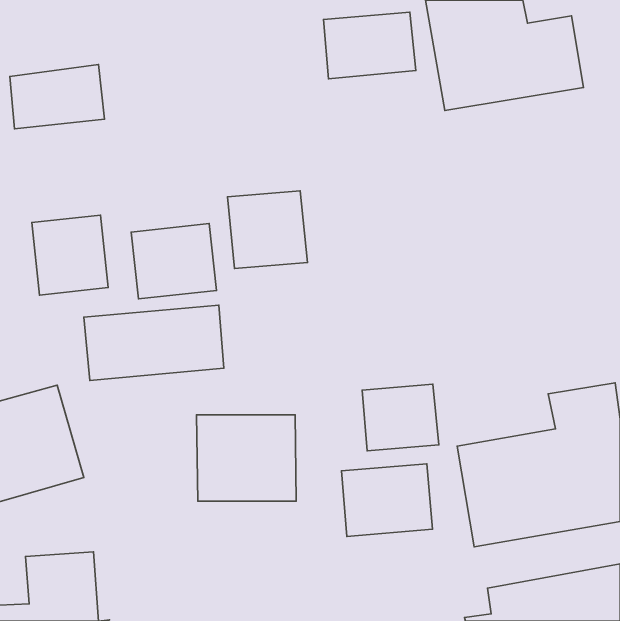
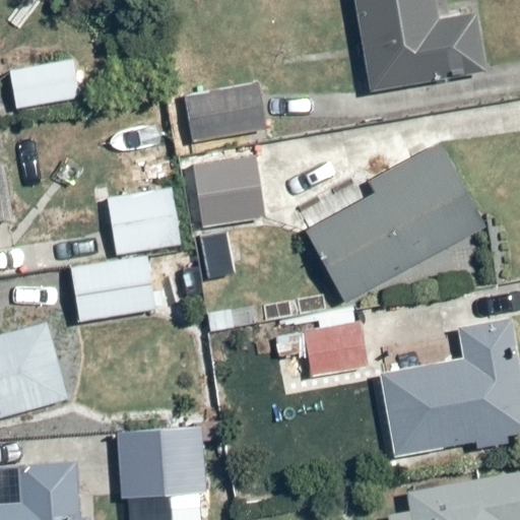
building: [324,12,416,79] -> [184,85,261,141]
building: none -> [306,144,485,304]
building: [32,215,108,295] -> none
building: [197,415,296,501] -> [116,427,199,499]
building: [341,464,433,537] -> none

